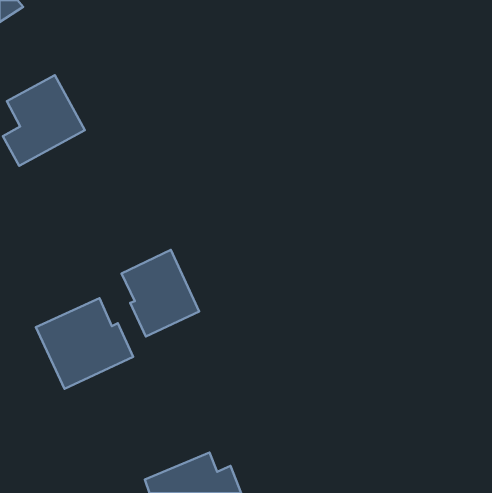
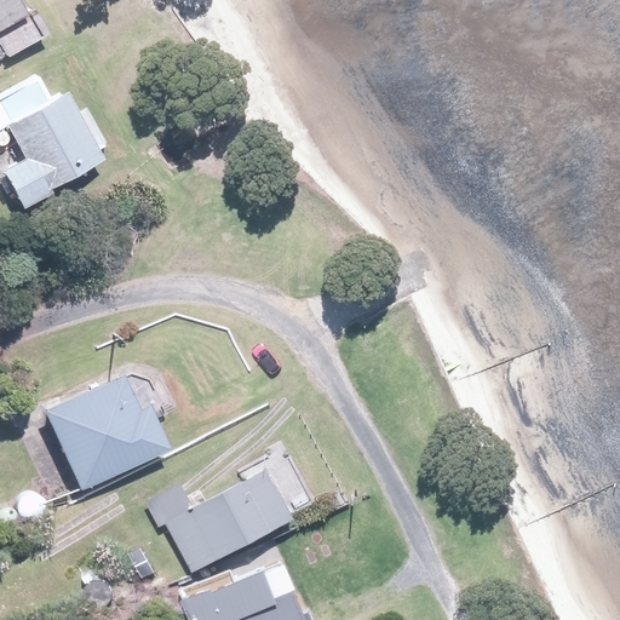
building: [122,250,199,336] -> none
building: none -> [154,466,294,572]

